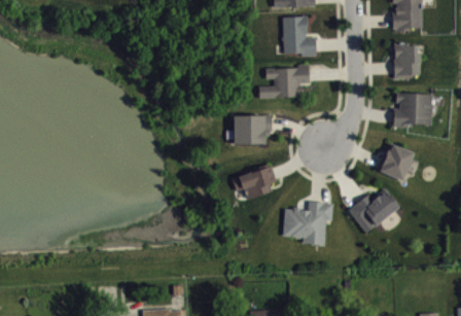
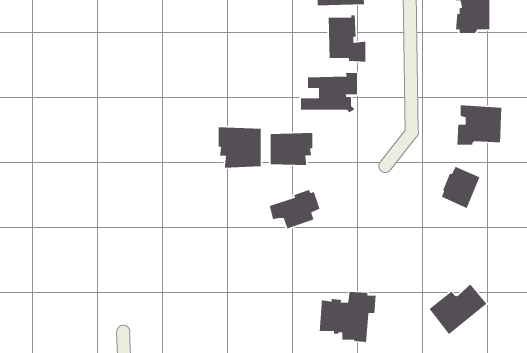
building: [394,43,421,78] -> none
building: none -> [218,127,261,168]
building: [349,188,399,233] -> [428,284,487,335]
building: [283,201,332,245] -> [319,291,376,343]

